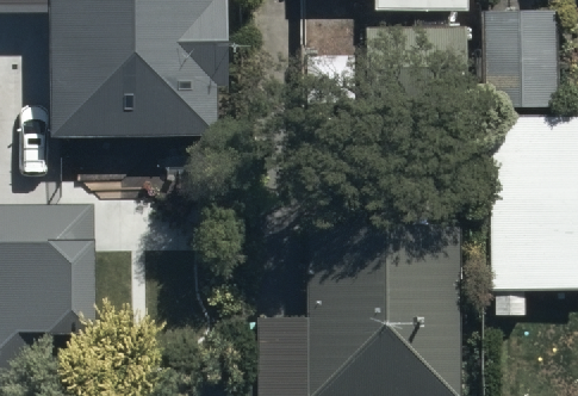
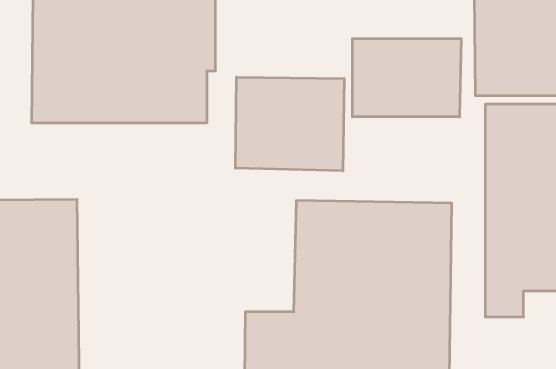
building: none -> [352,39,461,117]
building: none -> [235,77,344,171]

